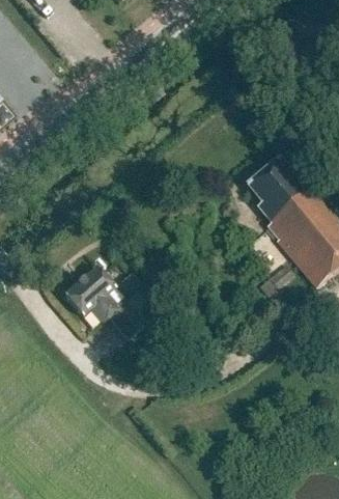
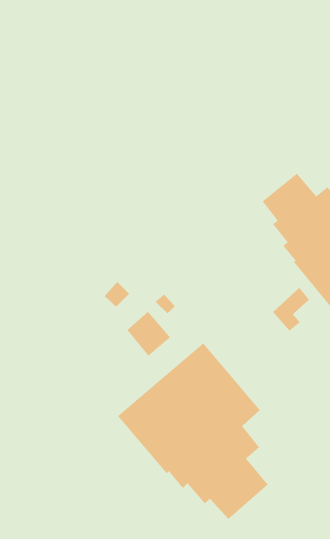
building: [62,266,118,322] -> none
building: none -> [117,343,269,520]

